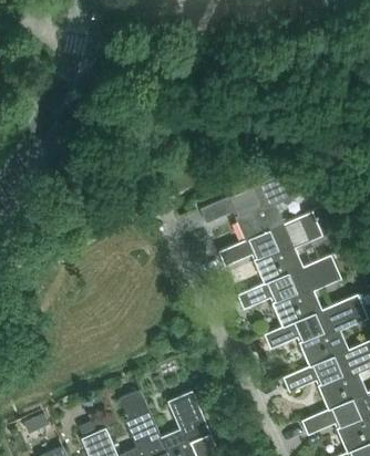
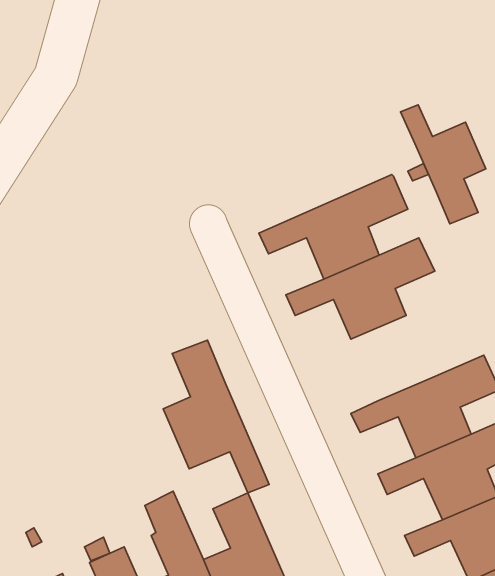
building: none -> [401,105,486,224]
building: [237,253,341,325] -> none
building: none -> [163,340,269,493]

